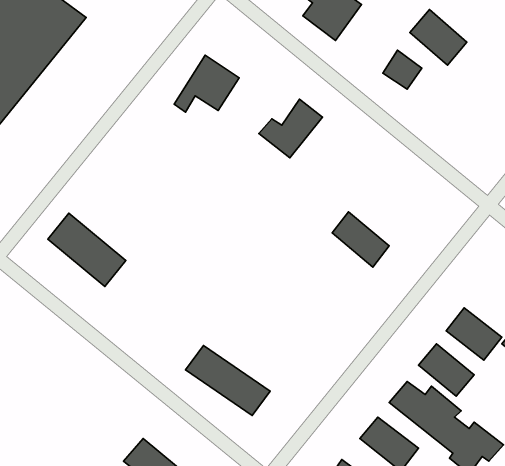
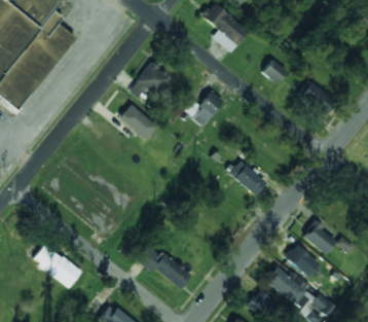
building: [410,10,467,65] -> [298,79,334,114]
building: none -> [119,104,156,140]
building: [48,213,126,287] -> [32,243,81,289]

